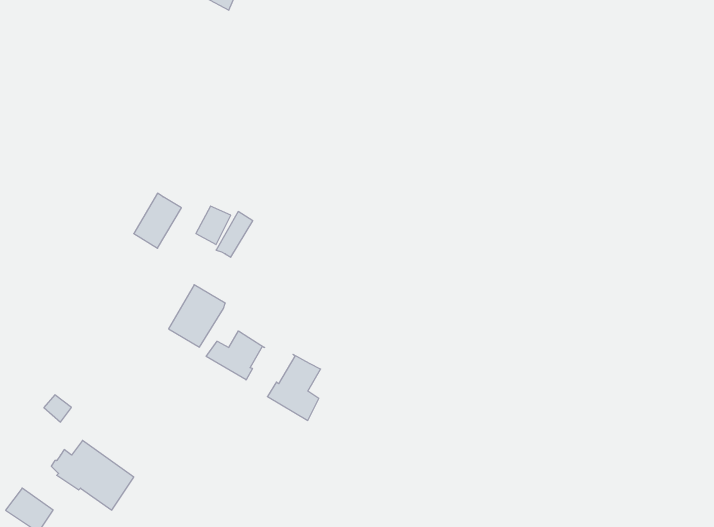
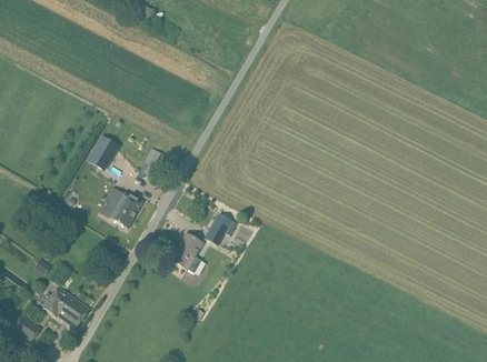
building: none -> [205,211,236,243]
building: [206,331,265,380] -> none

